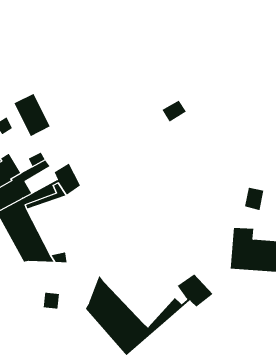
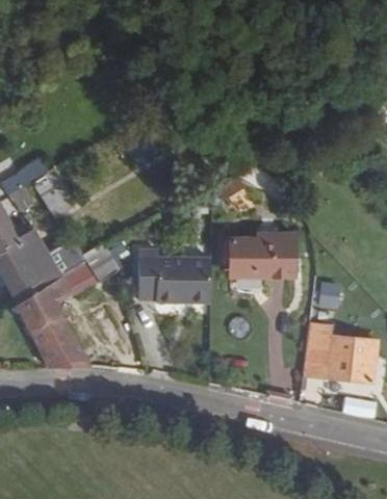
building: none -> [225,235,289,281]
building: none -> [135,248,206,303]
building: [85,273,214,356] -> none

